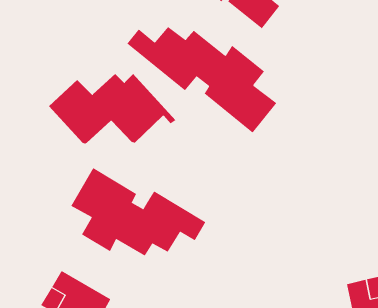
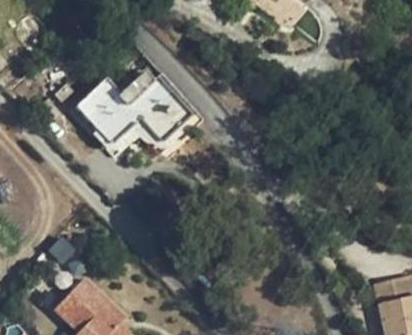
building: [126,26,277,133] -> none
building: [70,167,206,256] -> none

